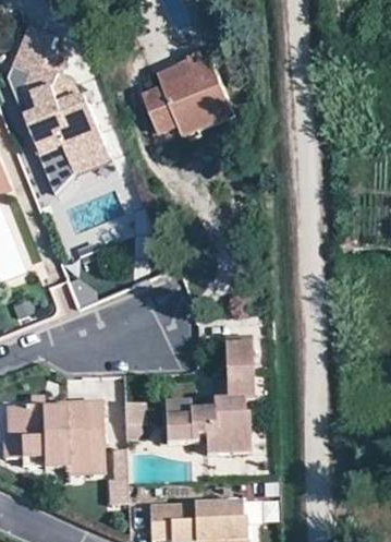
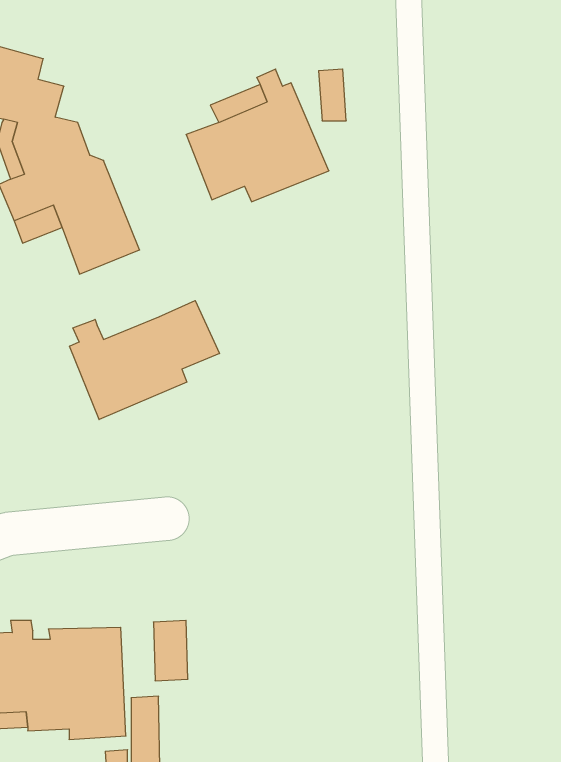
building: none -> [70,301,219,420]
building: [163,336,253,454] -> none

